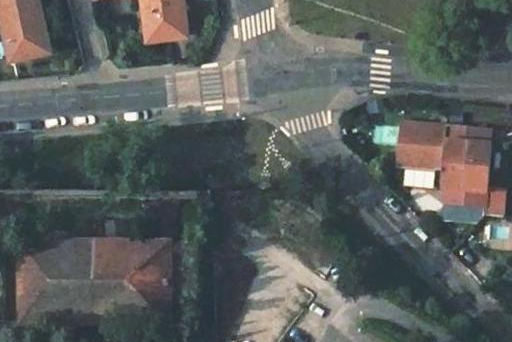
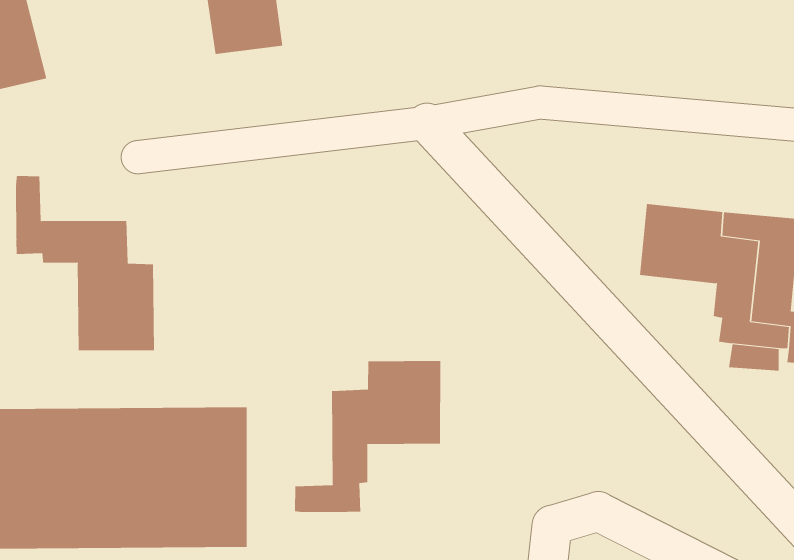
building: none -> [16,175,155,351]
building: none -> [294,360,441,513]

